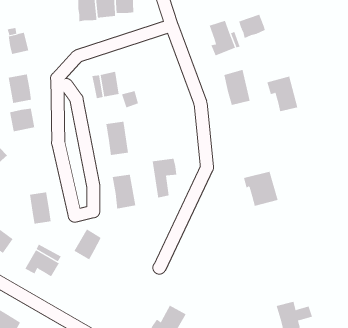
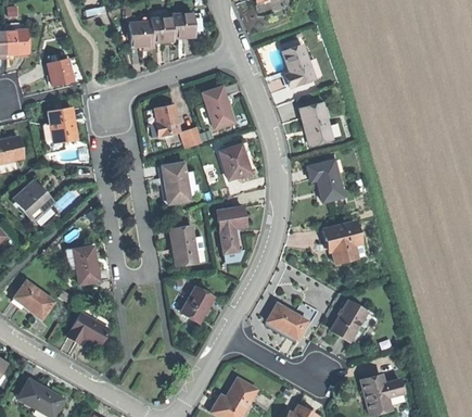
building: [239,14,265,39] -> none
building: none -> [203,86,234,128]
building: [266,76,298,112] -> [307,159,344,201]
building: none -> [219,143,251,179]
building: [9,108,35,132] -> none
building: [74,229,102,260] -> [181,286,214,323]
building: none -> [332,300,368,340]
building: none -> [267,303,308,338]

